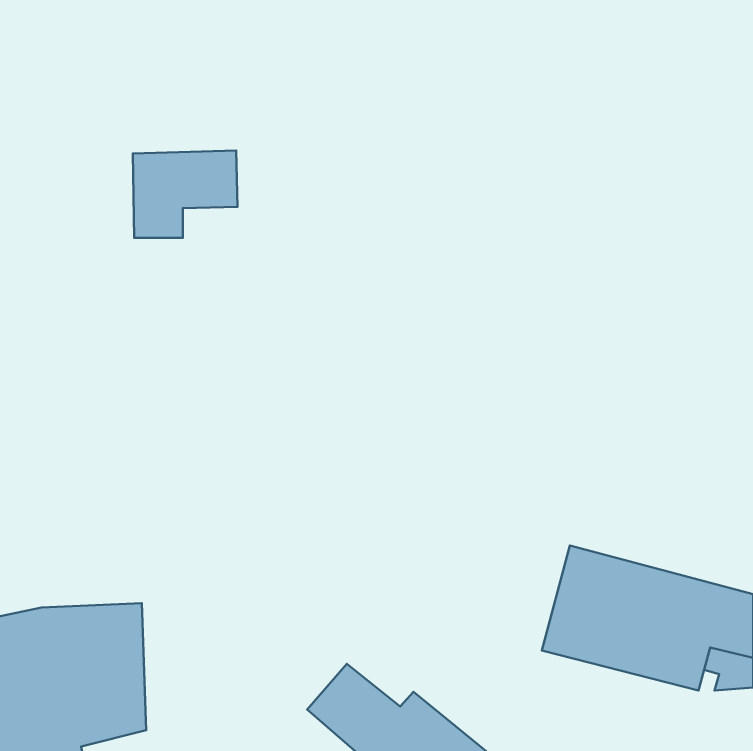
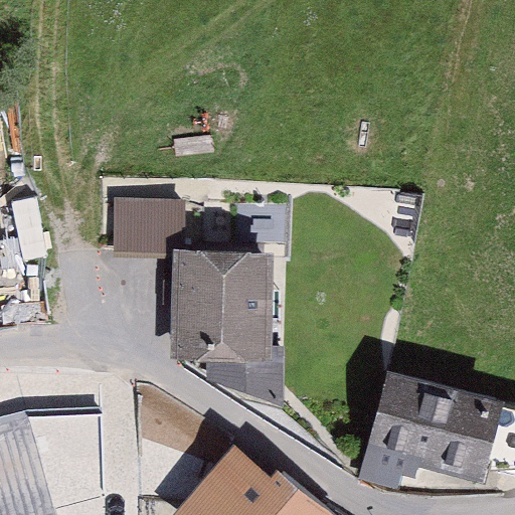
building: [133,151,238,238] -> [112,190,183,249]
building: none -> [166,259,280,403]

